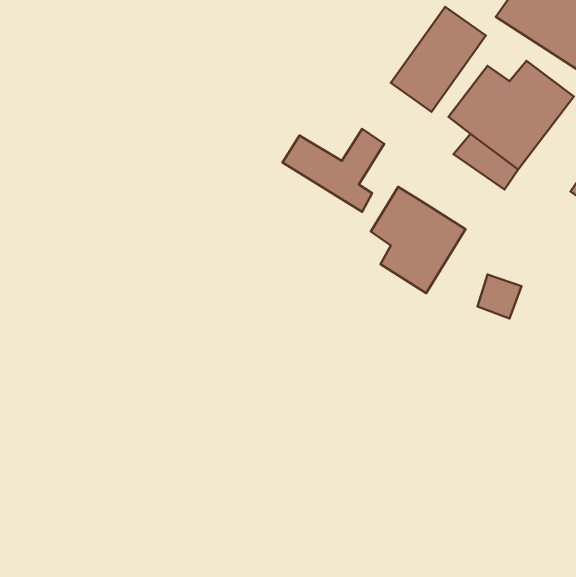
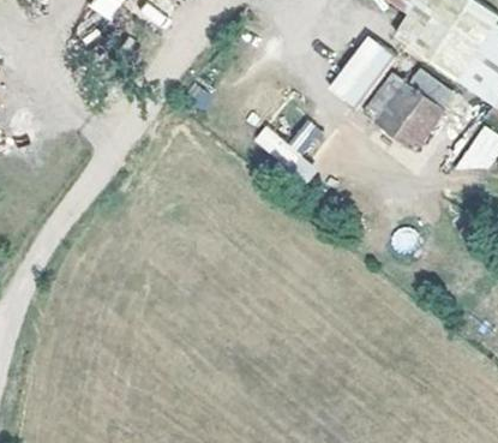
building: [371,187,466,293] -> none

